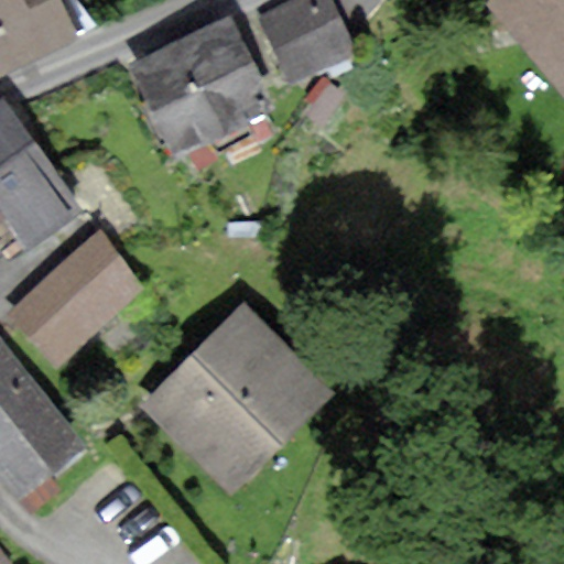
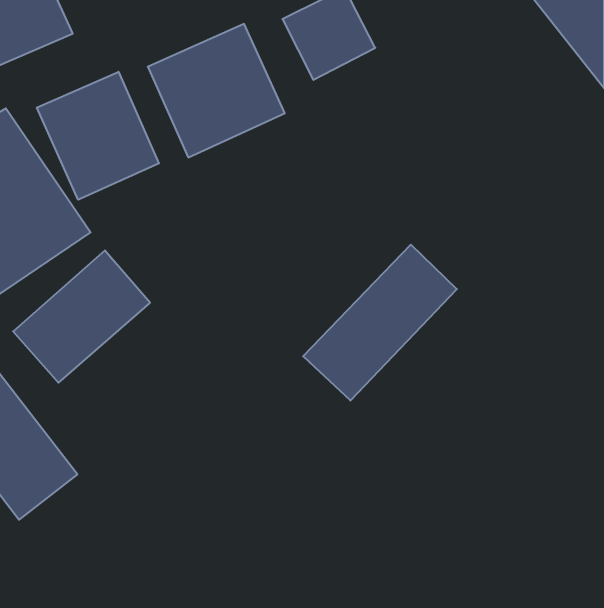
building: none -> [37,72,159,200]
building: none -> [303,245,457,401]
building: [148,307,319,479] -> none

